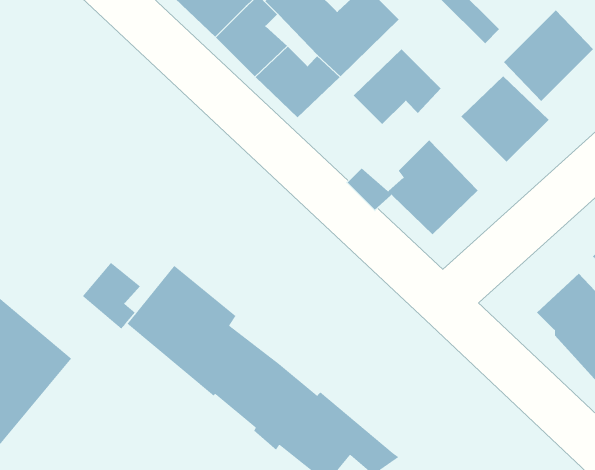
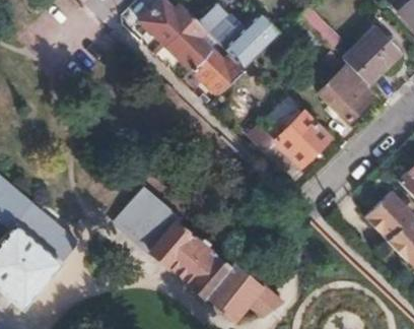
building: [353,48,442,125] -> none
building: [82,262,141,330] -> none

